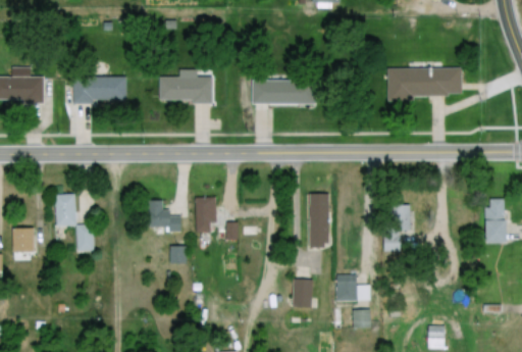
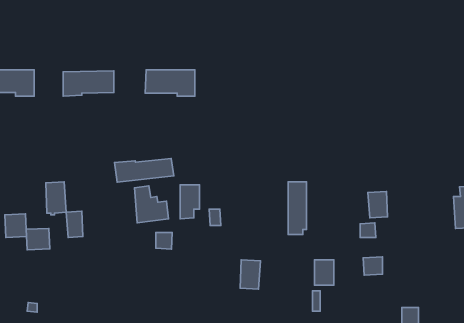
building: [387,68,462,102] -> none
building: [252,79,315,104] -> none
building: none -> [114,159,174,182]
building: none -> [26,228,50,250]
building: [292,279,313,309] -> [240,260,261,289]
building: [352,309,372,329] -> [363,257,383,275]

